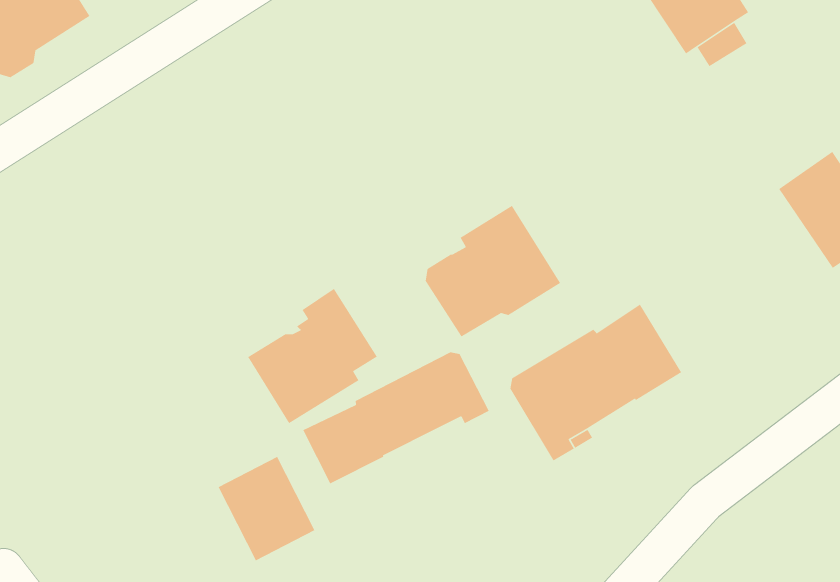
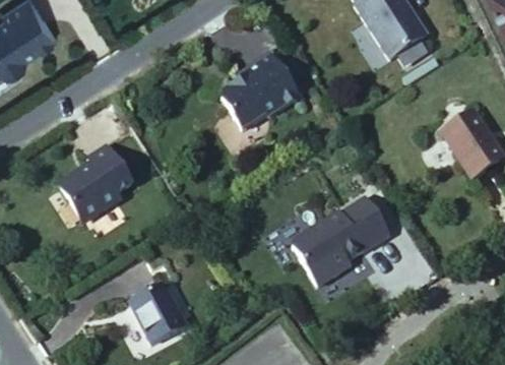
building: [425,205,561,338] -> [227,53,303,127]
building: [247,288,378,424] -> [57,142,130,219]
building: [302,352,490,485] -> none

